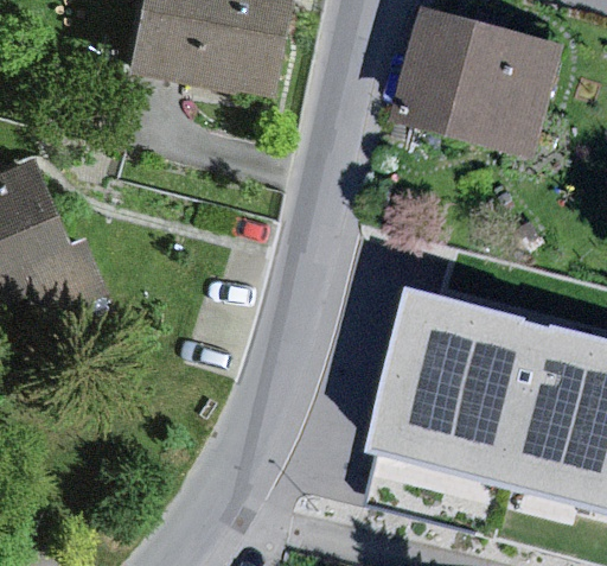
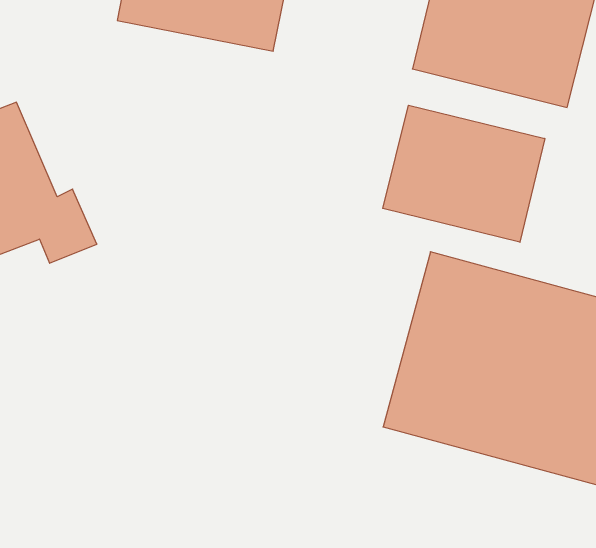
building: none -> [383,105,545,242]

